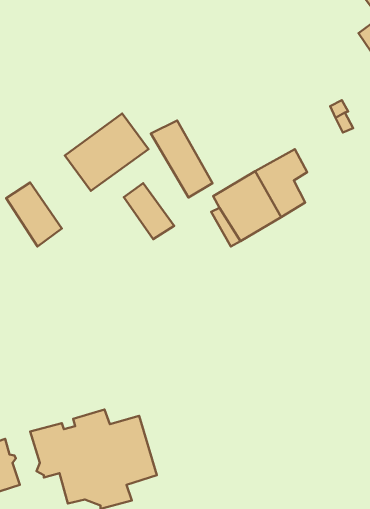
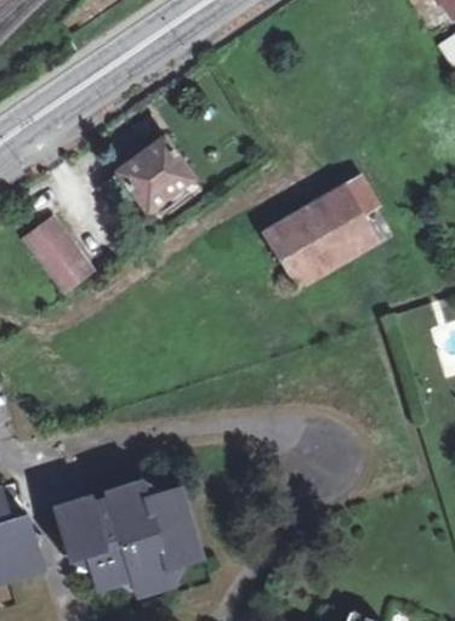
building: [151,120,213,197] -> none
building: [124,183,174,239] -> none

